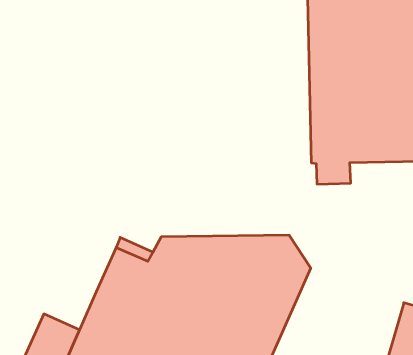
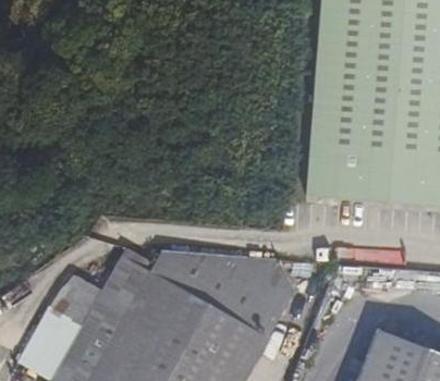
building: none -> [52,276,101,327]

